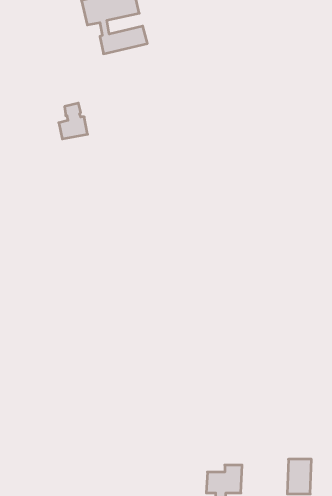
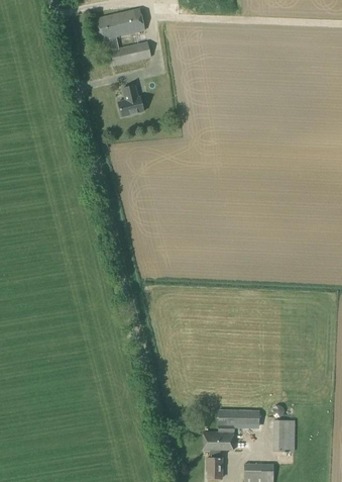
building: [59,103,88,139] -> [118,85,143,116]
building: none -> [218,410,257,427]

